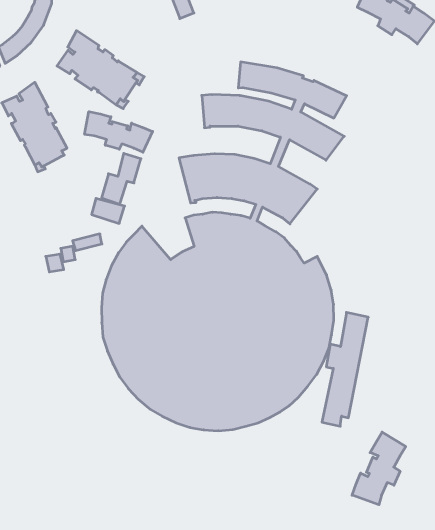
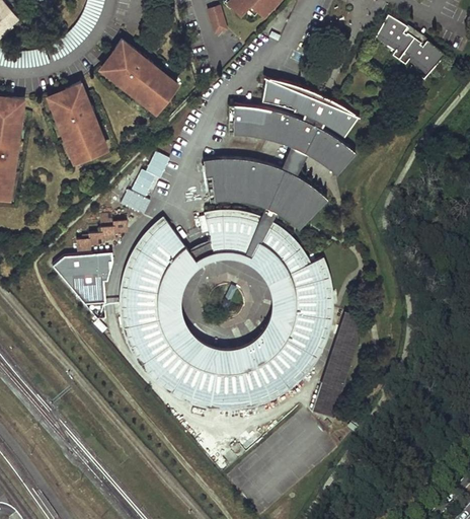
building: [85,112,153,152] -> none
building: none -> [58,254,108,304]
building: [352,432,406,505] -> none

